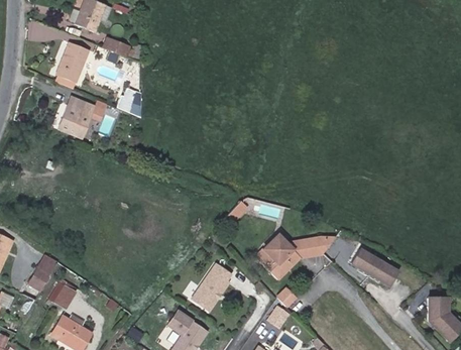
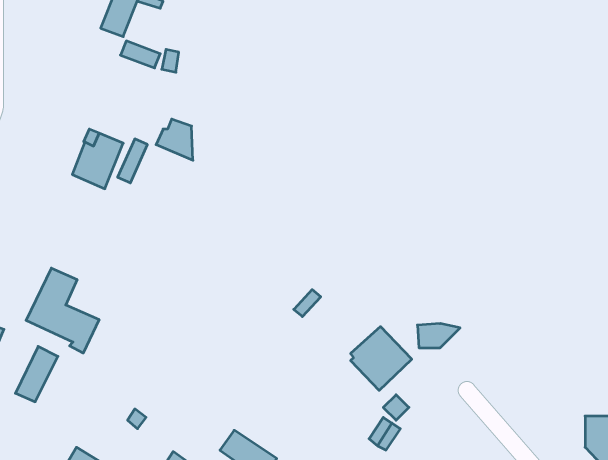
building: [56,40,95,83] -> none
building: none -> [26,268,99,353]
building: [348,250,395,287] -> none
building: [194,262,232,310] -> none
building: [43,277,70,305] -> none

